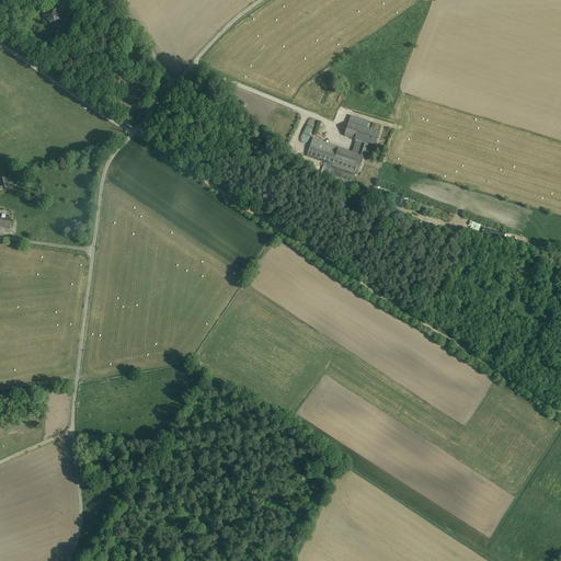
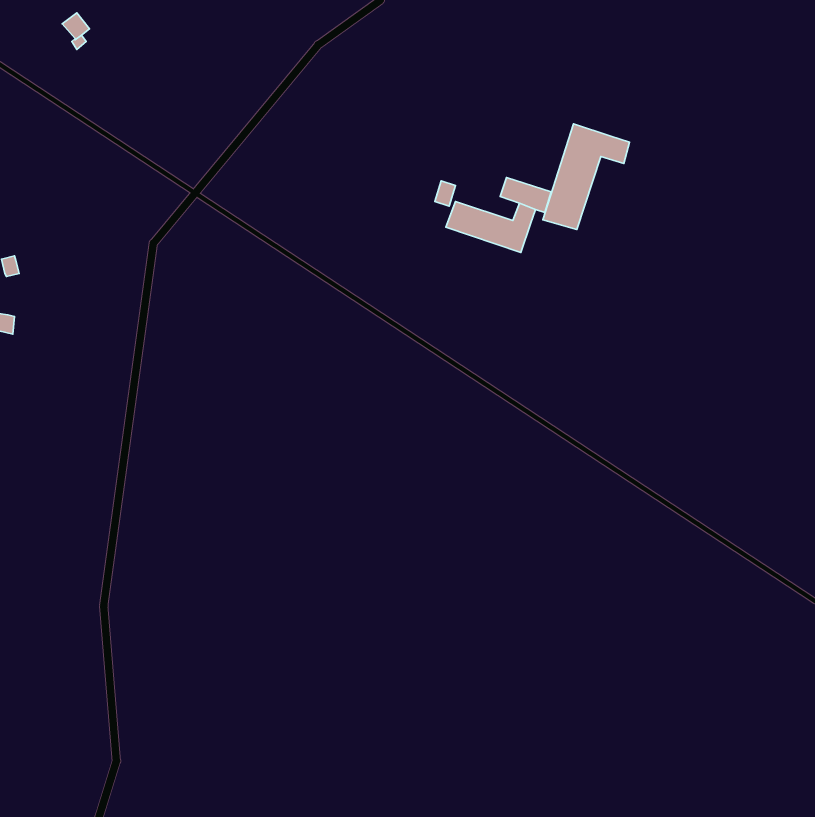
building: none -> [543,124,630,230]

